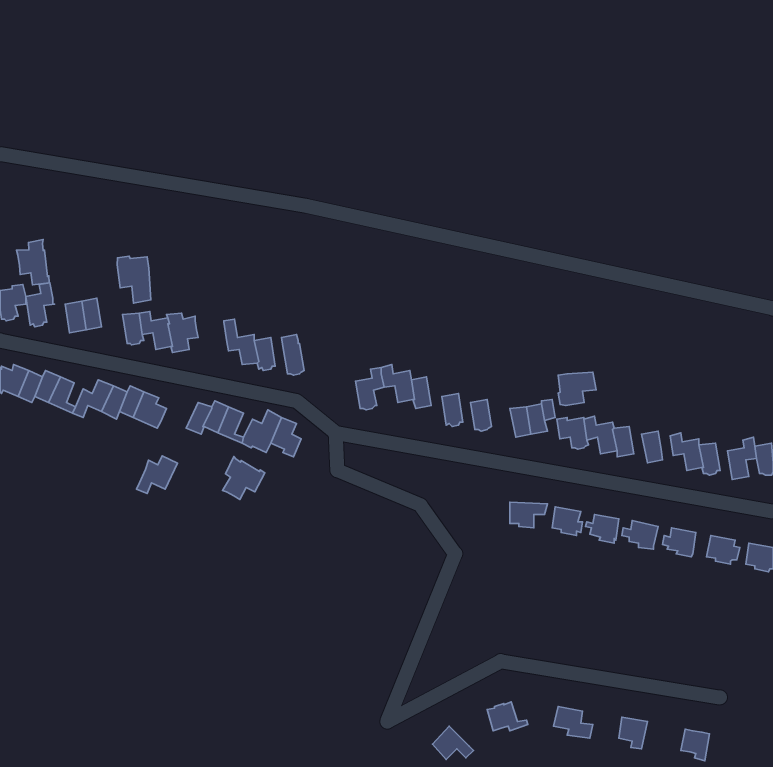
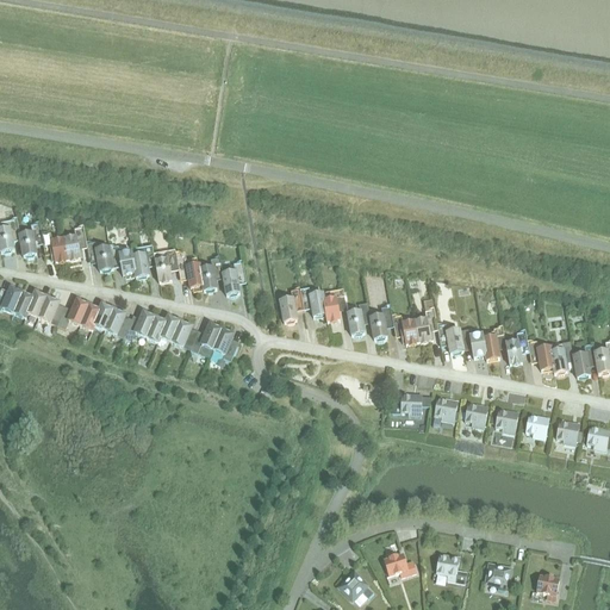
building: [16,240,49,285] -> none
building: [117,256,151,303] -> none
building: none -> [154,250,179,281]
building: [558,372,596,405] -> none
building: [136,456,177,494] -> [124,311,156,341]
building: [222,456,265,499] -> none

